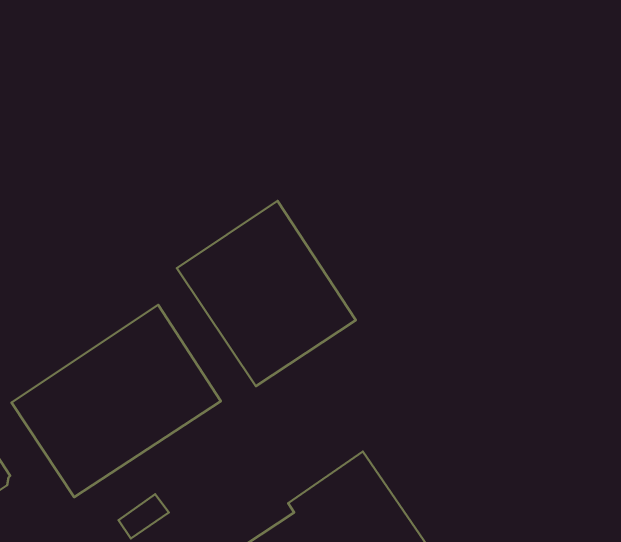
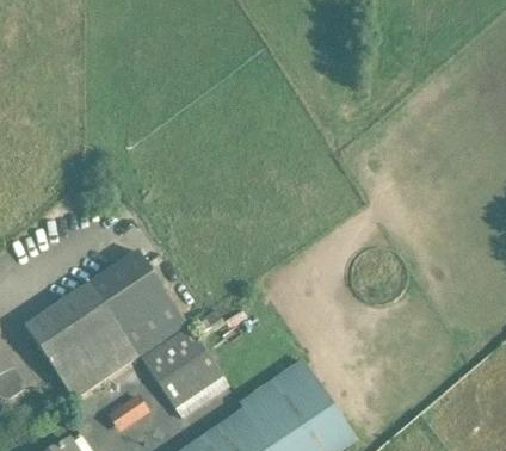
building: [177,201,356,386] -> none
building: none -> [142,325,223,406]

